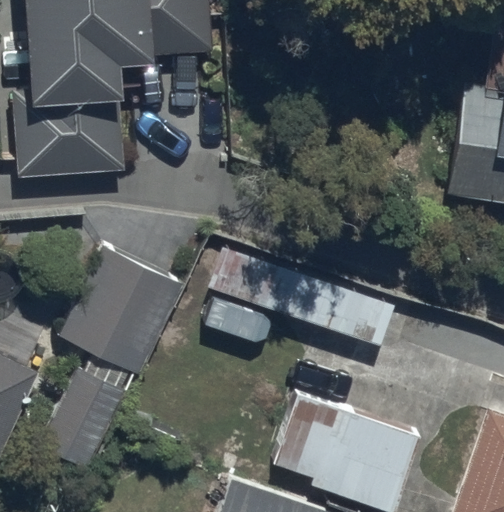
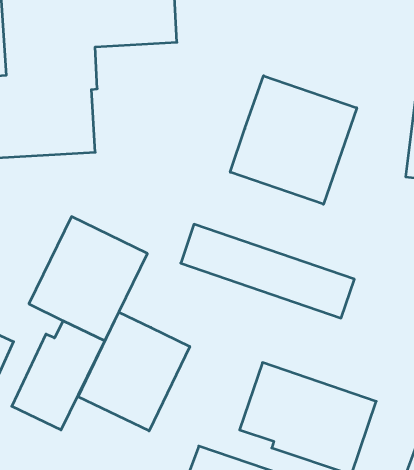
building: none -> [230,76,357,204]
building: none -> [78,312,190,431]

